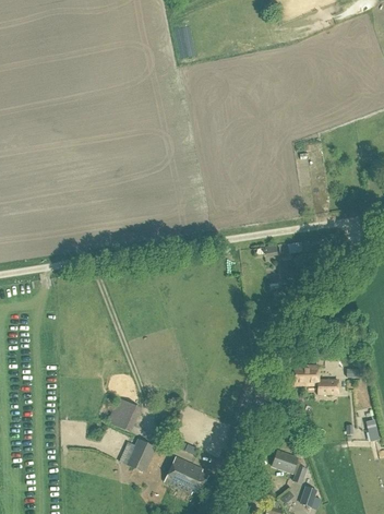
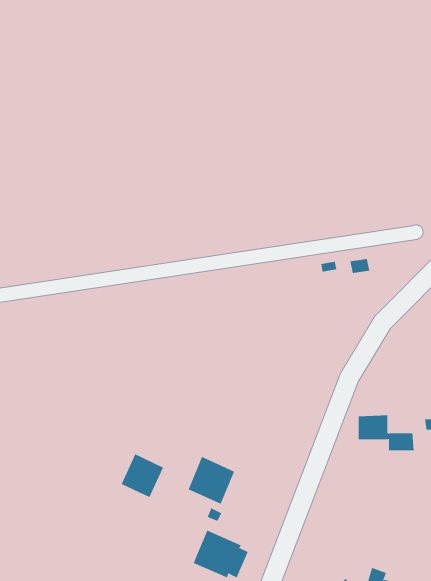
building: [120,434,157,473] -> [188,456,235,505]
building: [272,451,305,483] -> none

